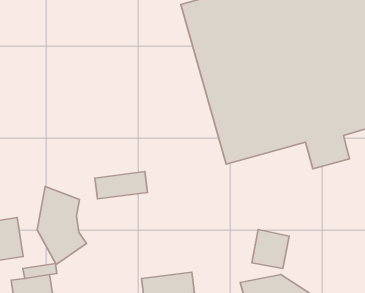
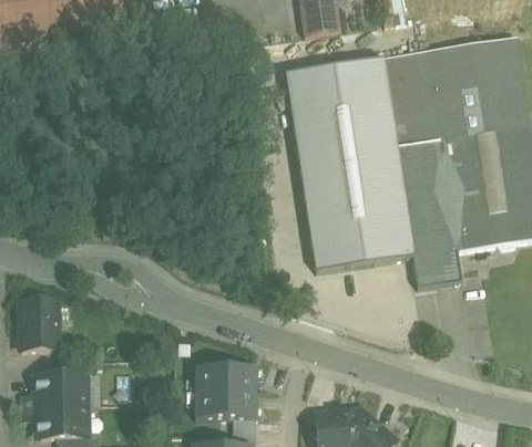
building: [95,172,148,199] -> [196,366,257,392]
building: [37,187,87,265] -> none
building: [252,229,289,269] -> none

